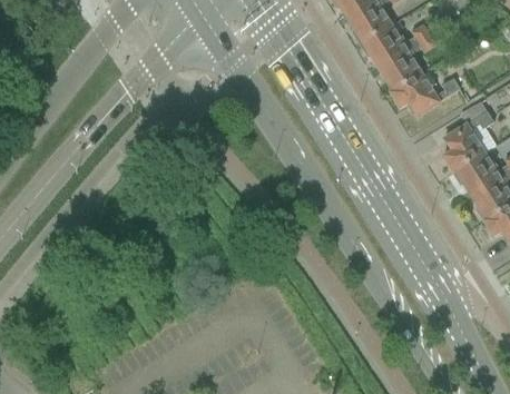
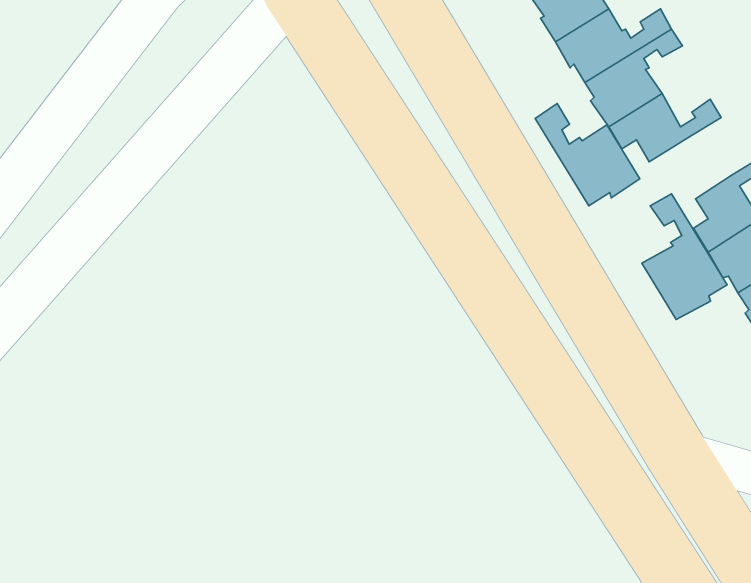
building: none -> [535,103,640,206]
building: none -> [642,194,727,319]

